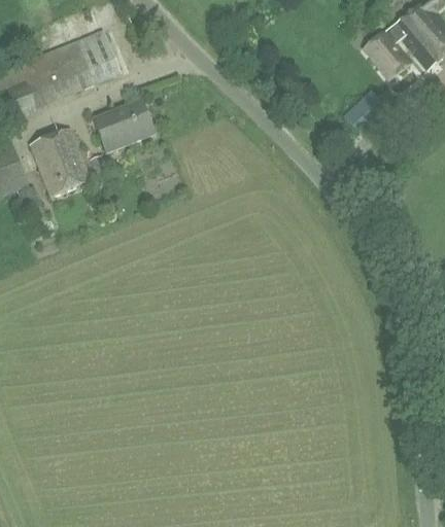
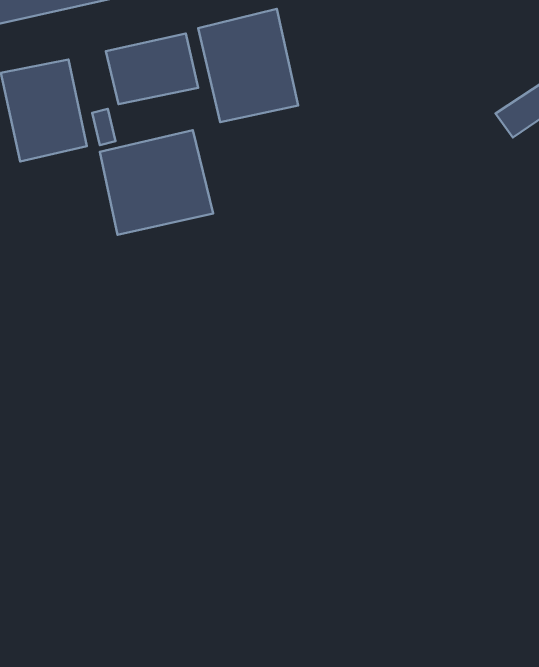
building: none -> [198,9,298,122]
building: none -> [100,130,213,235]

